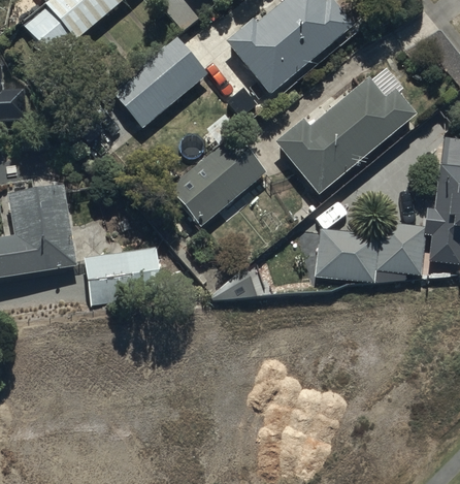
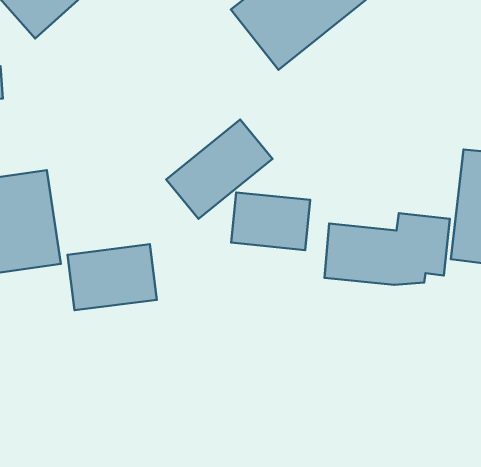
building: [110,36,207,128] -> none
building: [275,66,417,194] -> none
building: none -> [231,192,310,250]

